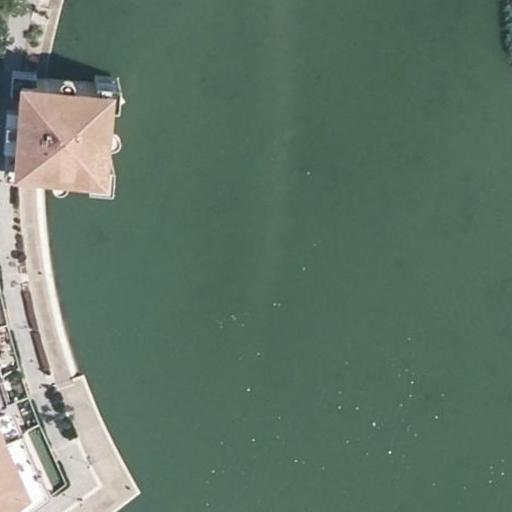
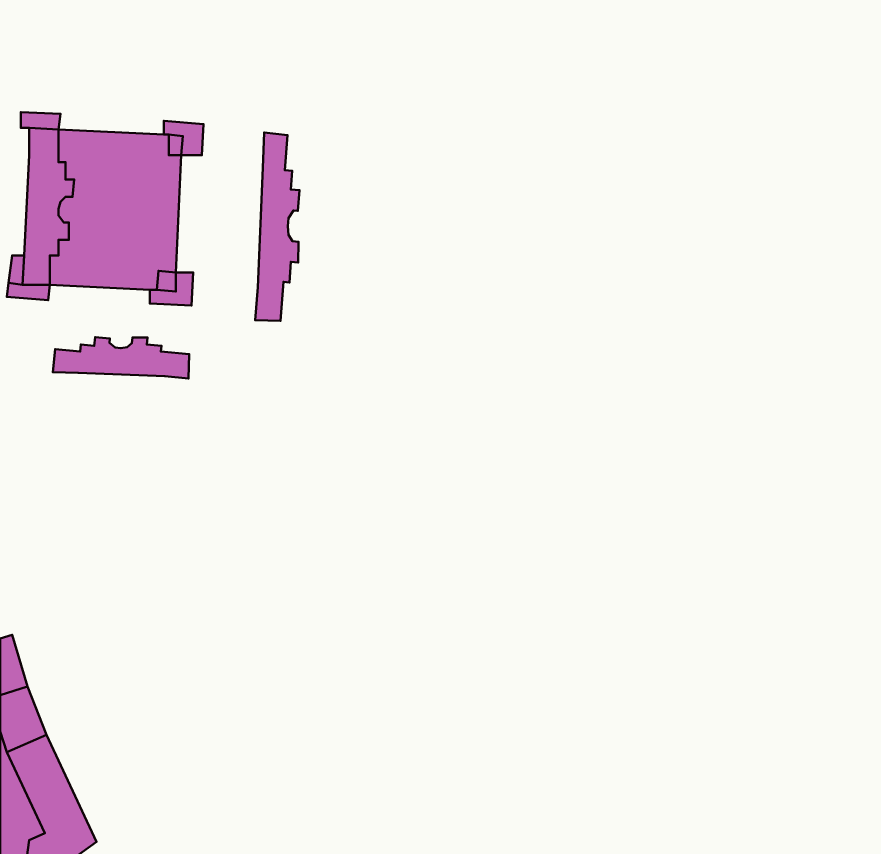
building: none -> [255,133,300,321]
building: none -> [53,337,189,378]

